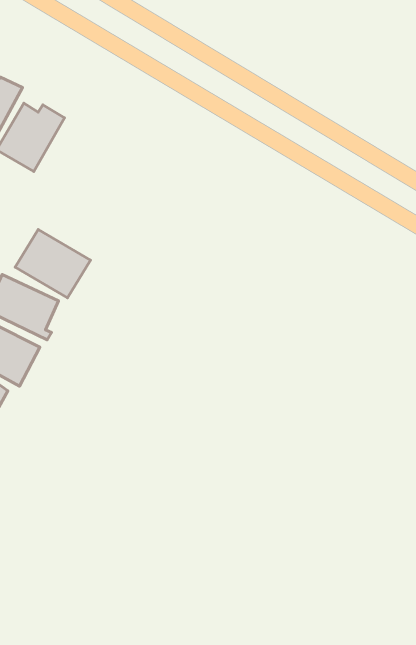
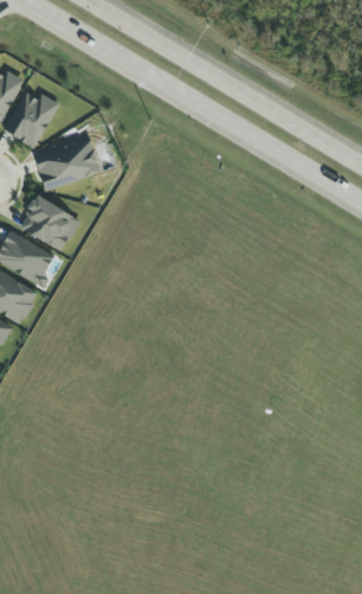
building: none -> [33,136,100,190]

